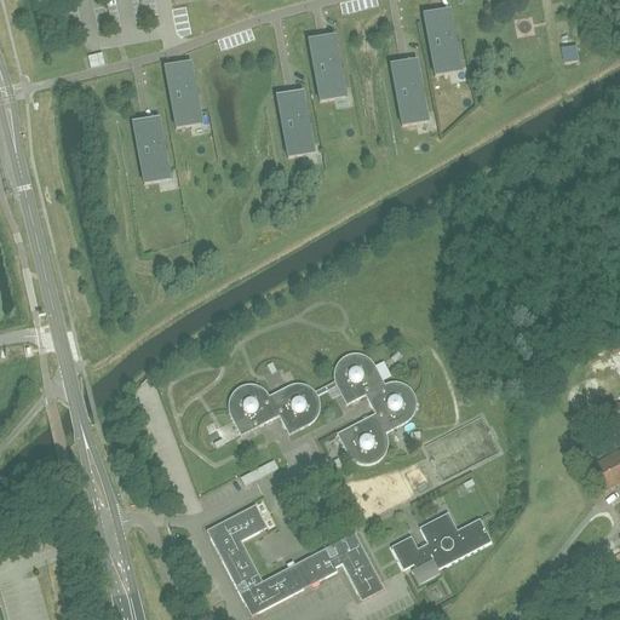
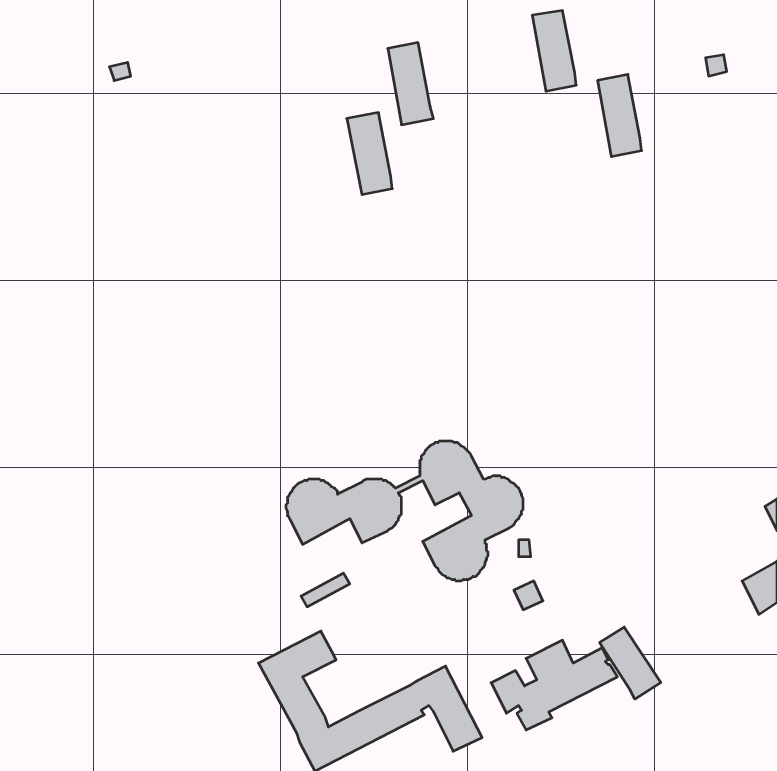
building: [391,58,426,124] -> [598,74,642,157]
building: [165,61,201,126] -> none
building: [133,116,168,182] -> none
building: none -> [600,627,661,699]

